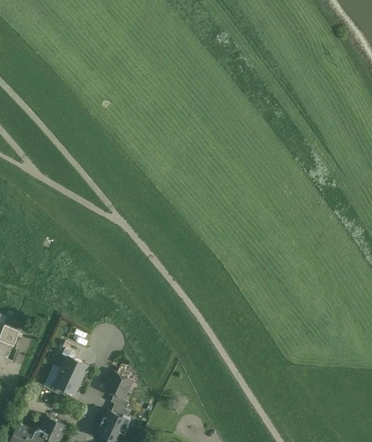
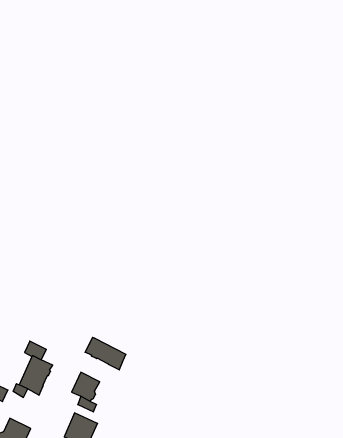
building: none -> [85,337,126,370]

